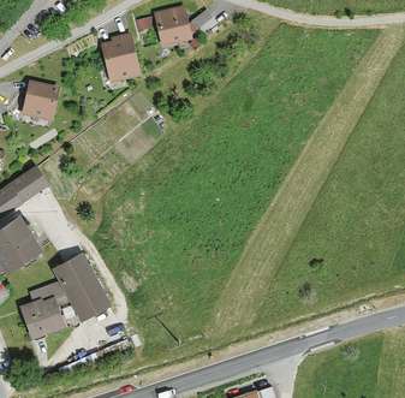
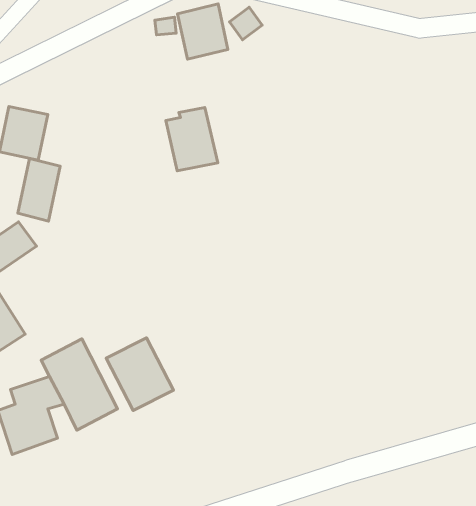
building: [101,34,139,81] -> [166,108,218,171]
building: none -> [18,158,60,221]
building: none -> [106,338,173,410]

